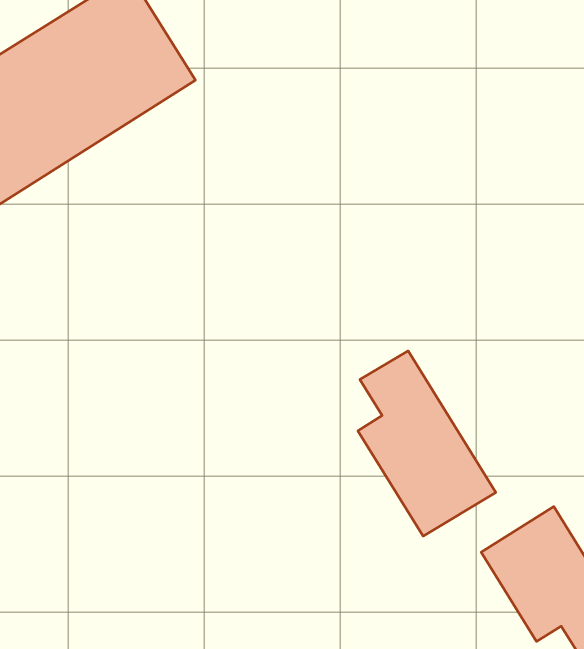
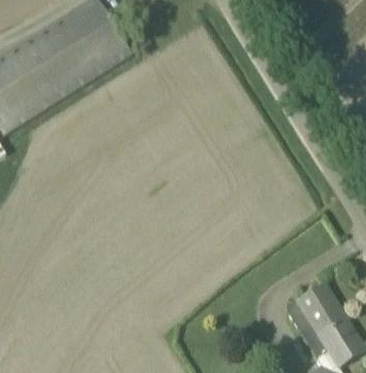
building: [358,351,496,536] -> none

